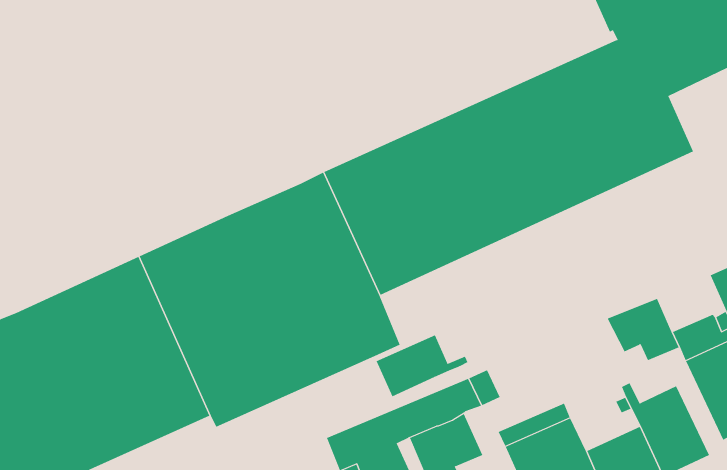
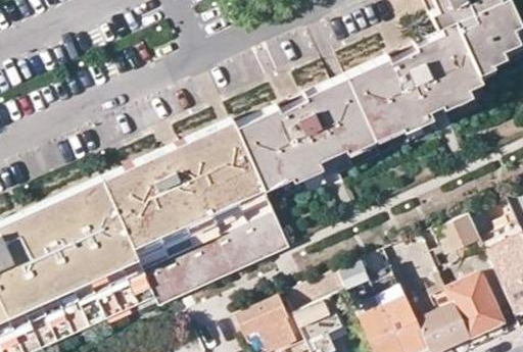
building: [376,335,468,397] -> none

